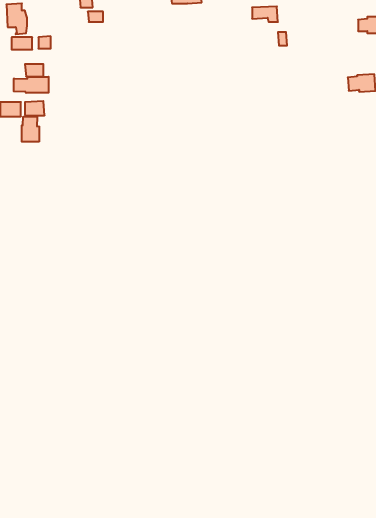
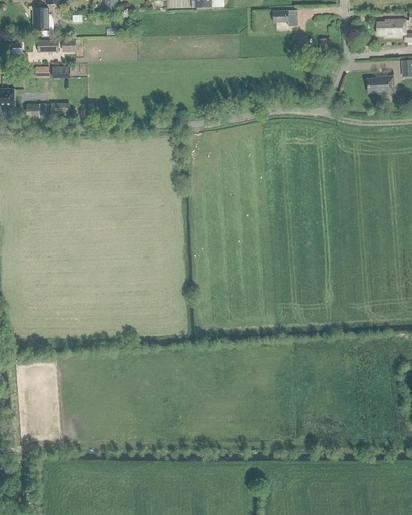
building: [14,77,49,93] -> none
building: [22,117,39,142] -> none

